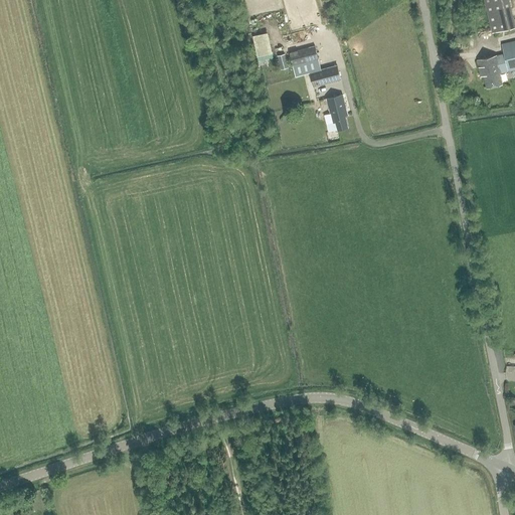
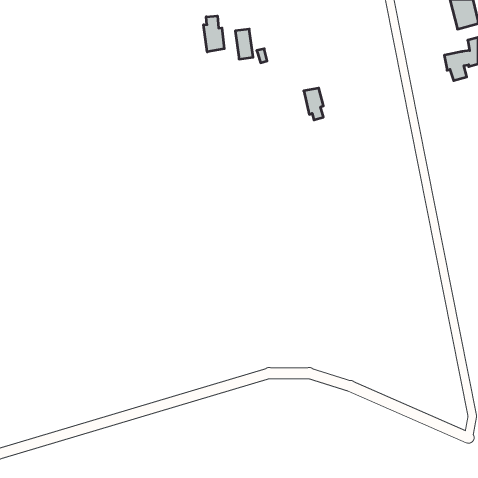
building: none -> [204,16,224,52]
building: [288,45,340,87] -> none

